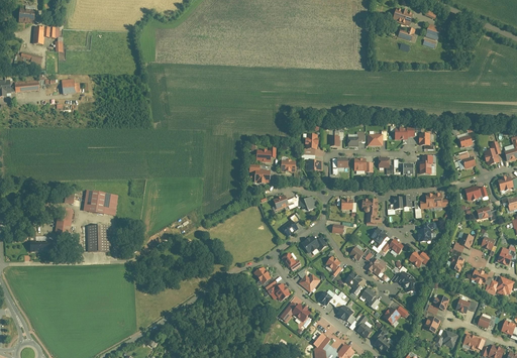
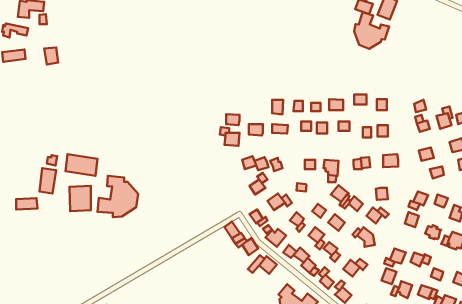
building: none -> [354,12,389,49]
building: none -> [98,176,138,217]

